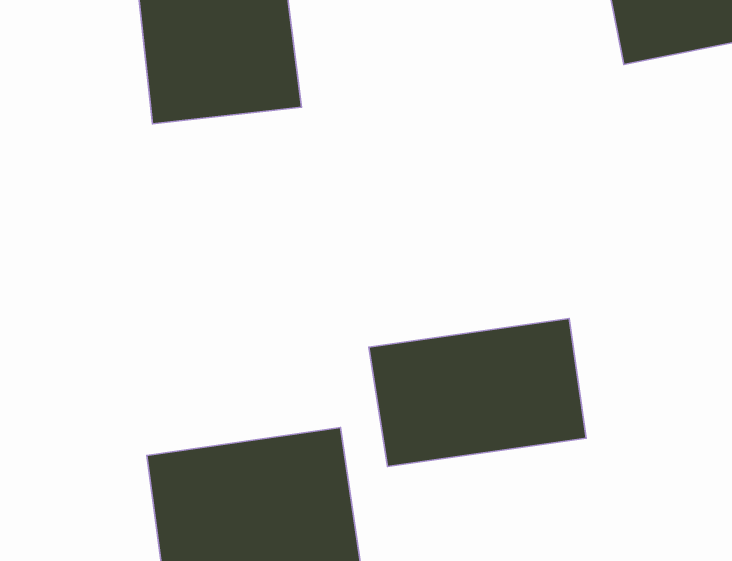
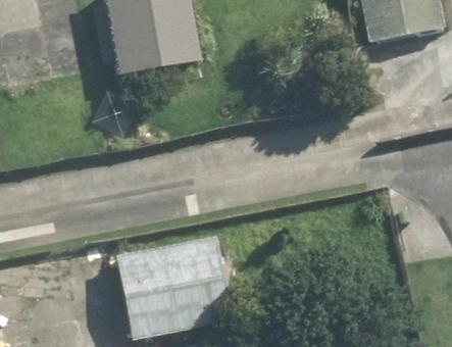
building: [369,319,586,466] -> none

